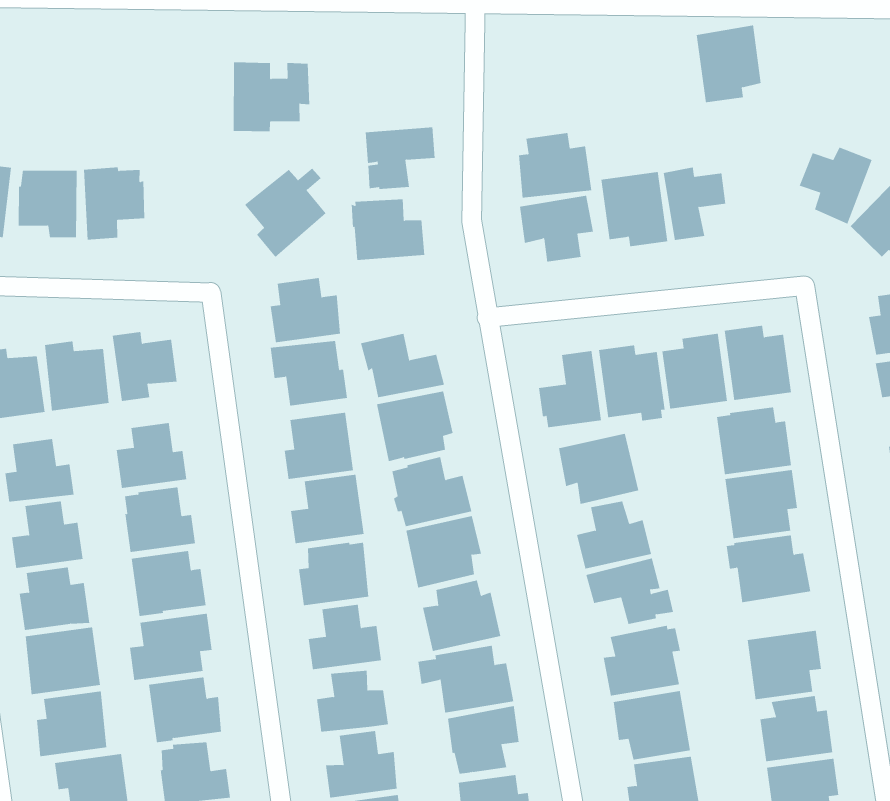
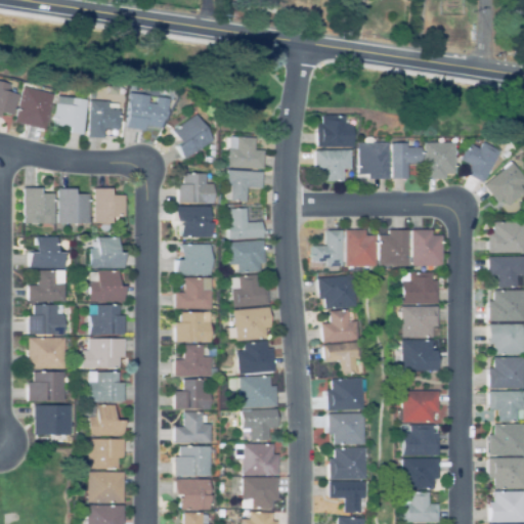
building: [696,25,762,103] -> [427,142,457,179]
building: [233,62,310,132] -> [128,92,172,131]
building: [365,127,436,190] -> [226,170,264,202]

